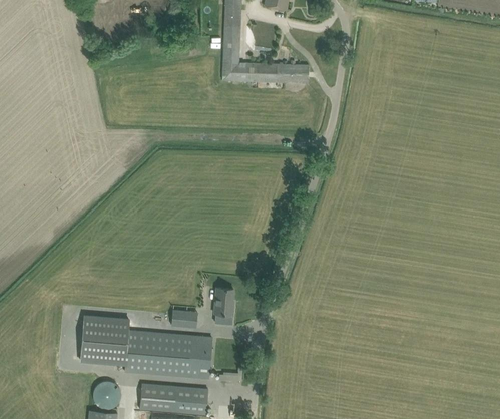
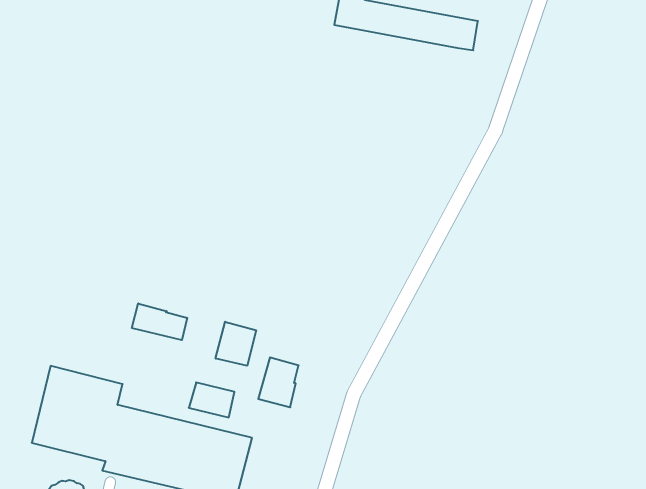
building: none -> [132,303,187,340]
building: none -> [216,322,256,366]

